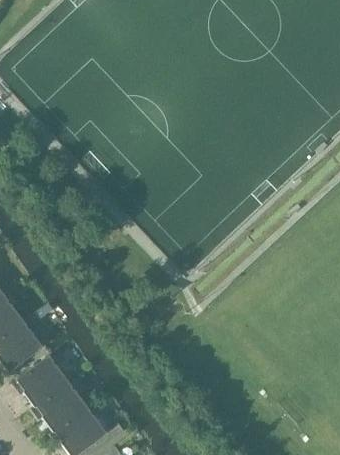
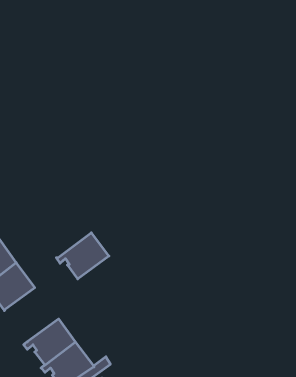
building: [11,356,68,406] -> [56,233,109,279]

